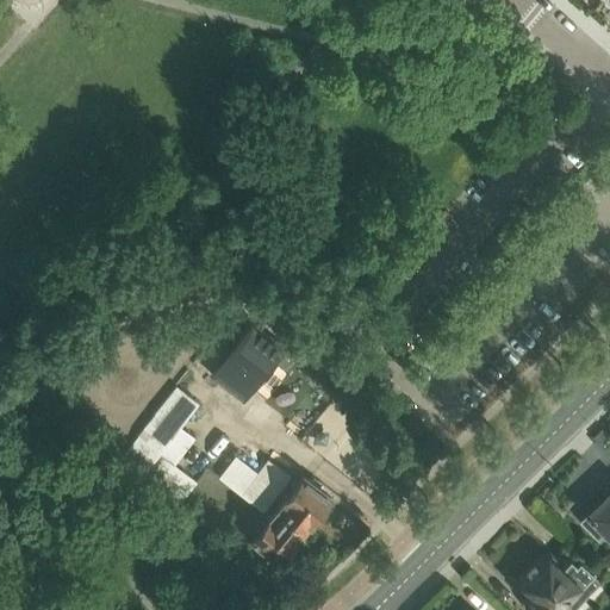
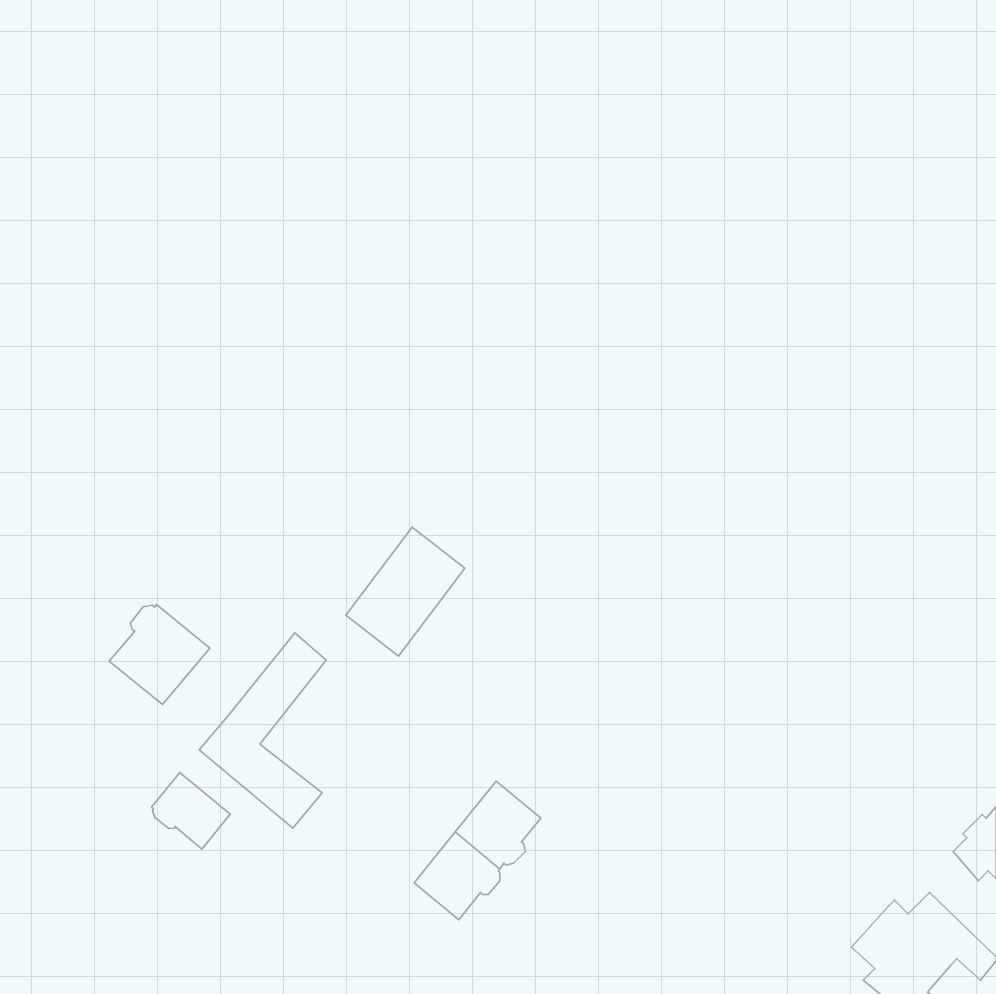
building: none -> [109,604,210,705]
building: [220,453,291,513] -> none
building: none -> [151,772,230,849]

